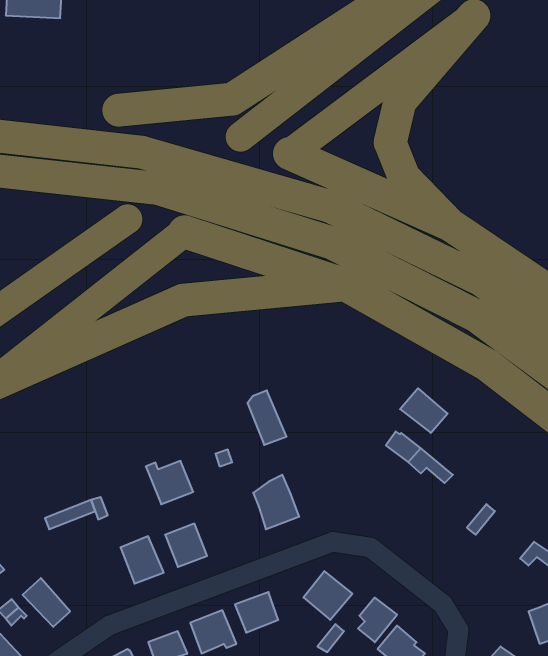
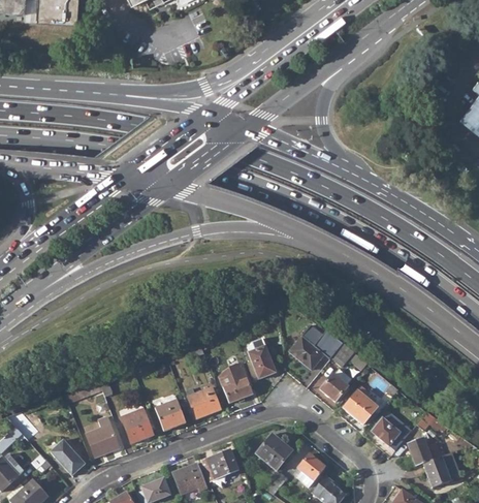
building: [400,388,448,433] -> [288,336,323,369]
building: [247,390,287,445] -> [246,338,275,378]
building: [146,461,193,504] -> [185,386,220,418]
building: none -> [319,368,351,401]
building: none -> [343,386,377,425]
building: none -> [85,416,119,458]
building: none -> [371,417,400,446]
building: none -> [407,439,430,466]

